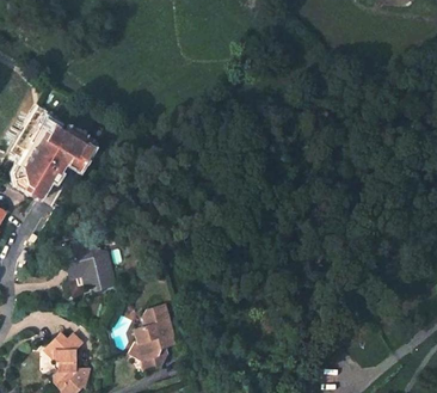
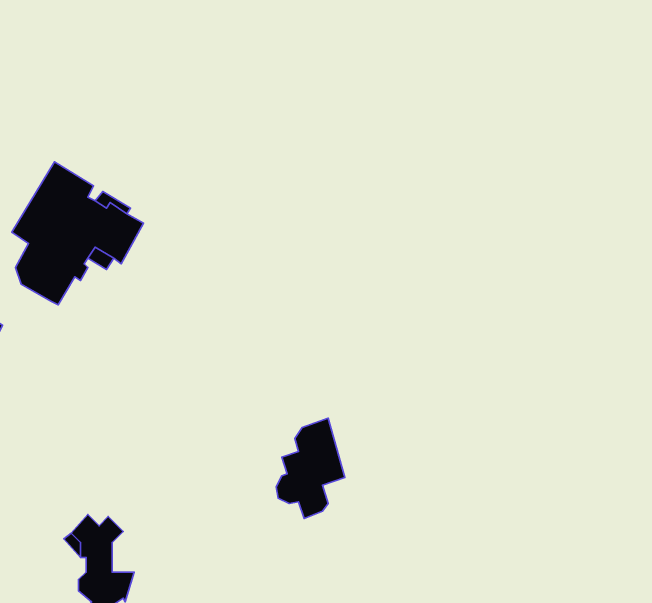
building: [60,244,115,289] -> none
building: [131,305,176,369] -> [276,418,345,519]

